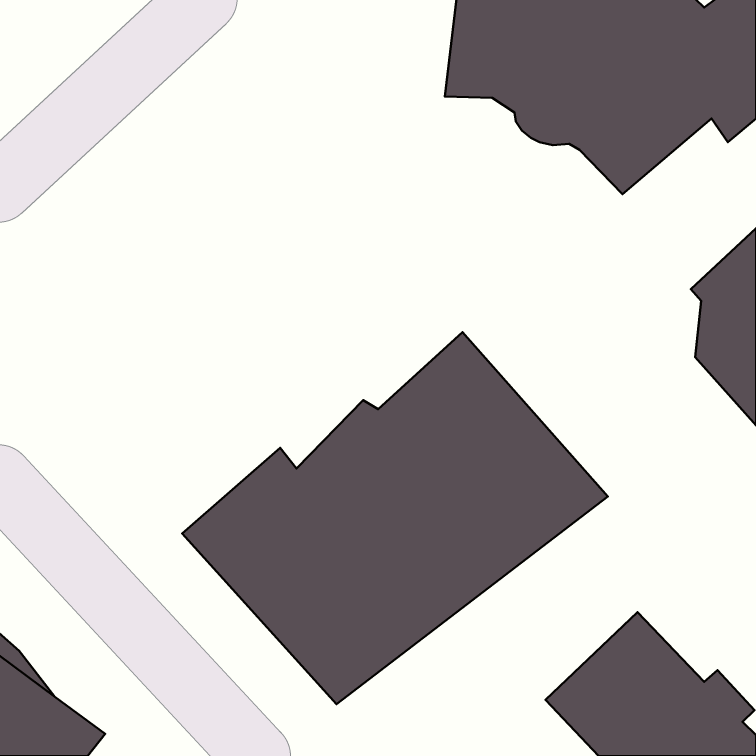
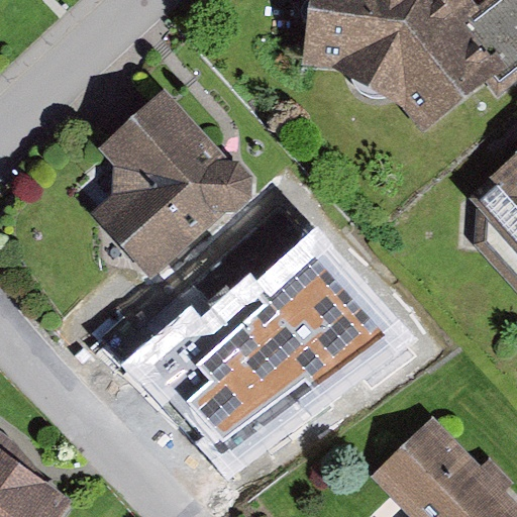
building: none -> [91,89,252,277]

